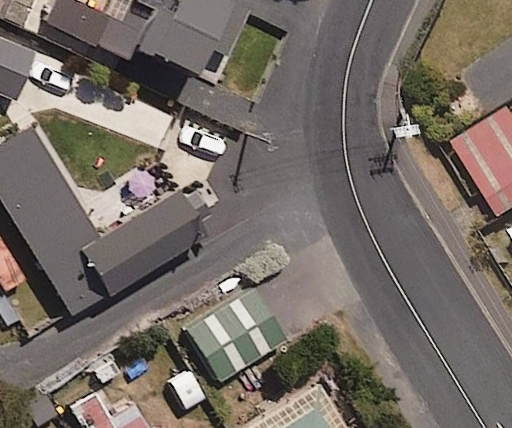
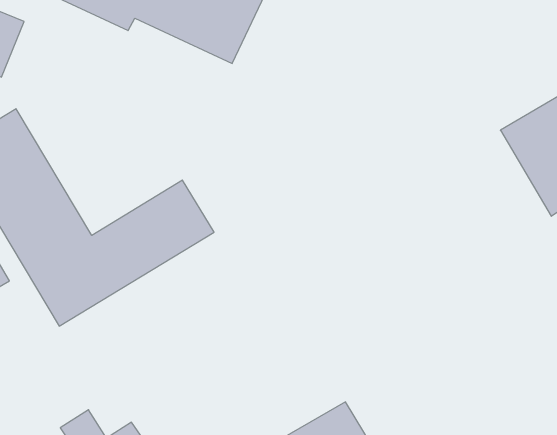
building: [184,284,287,383] -> none

